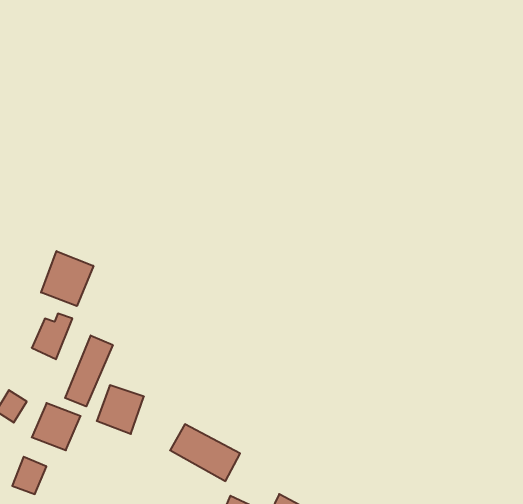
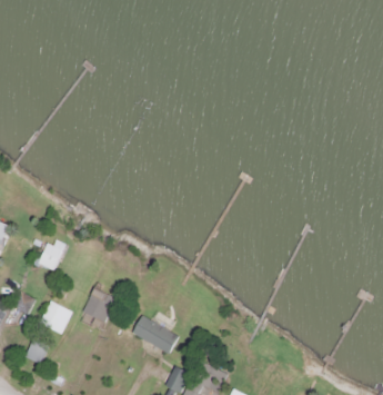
building: [41,251,93,306] -> none
building: [65,335,113,406] -> none

